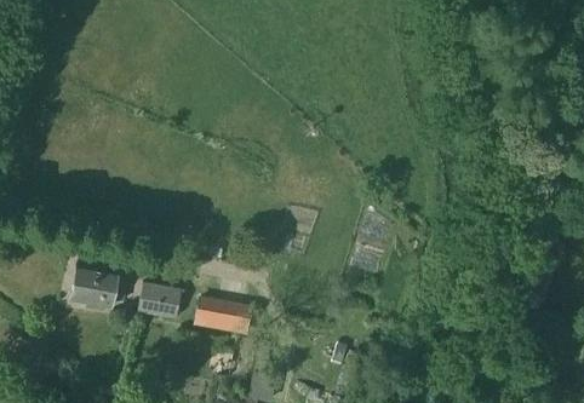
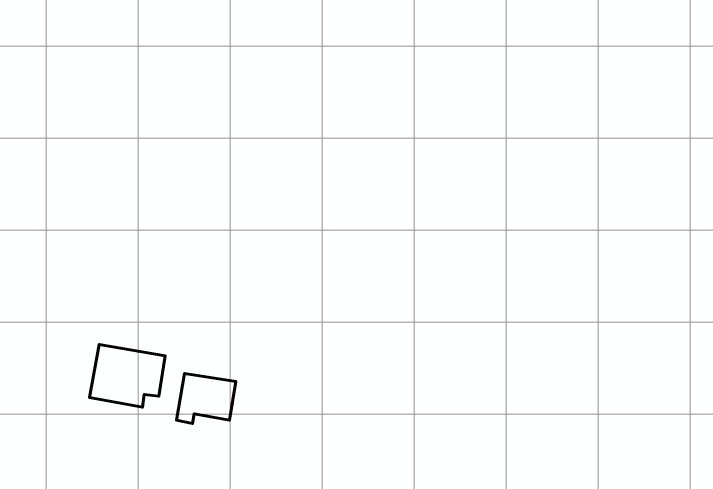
building: [193,298,248,333] -> none

